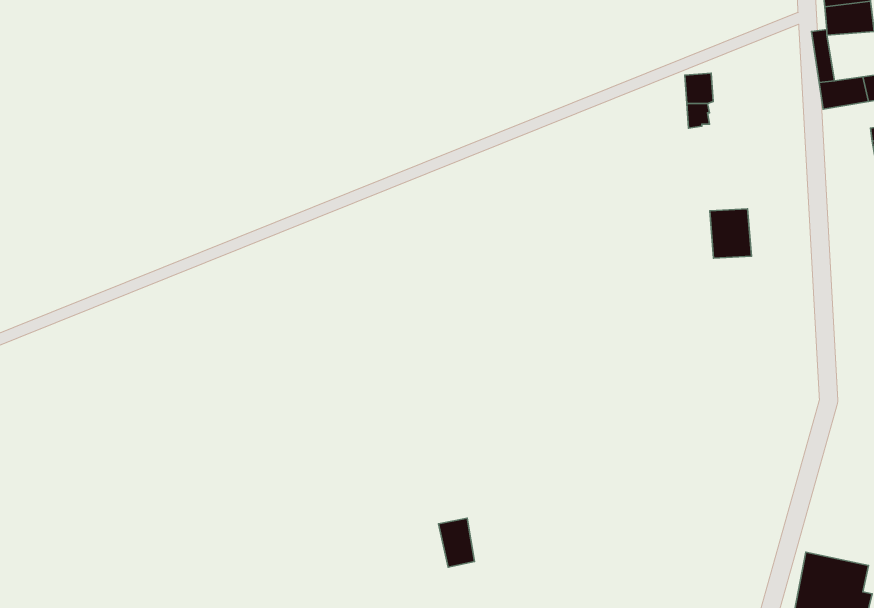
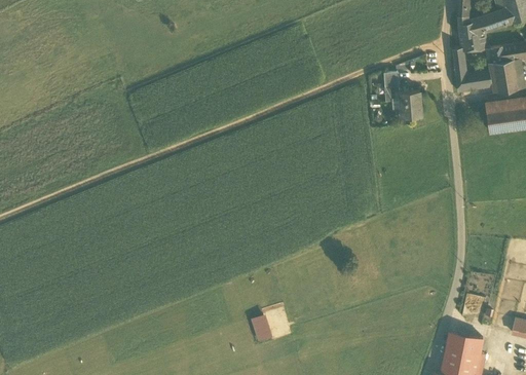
building: [710,209,751,258] -> [401,91,423,118]

